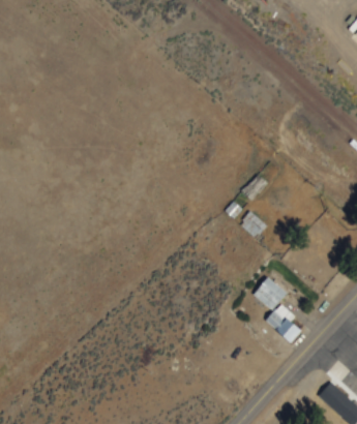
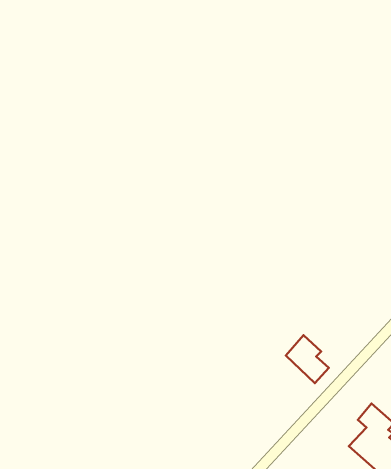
building: [251,276,286,309] -> none

